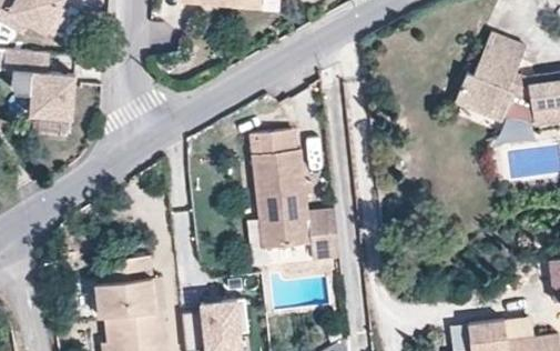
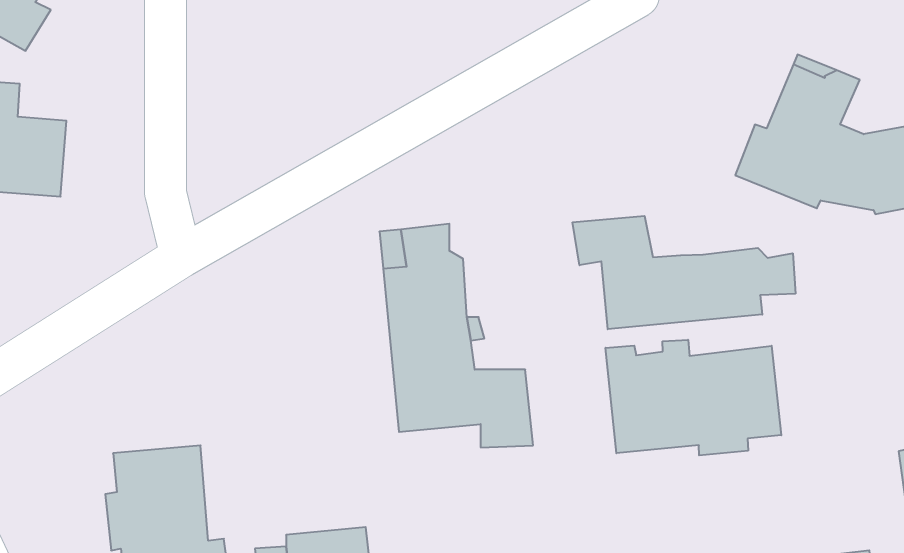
building: none -> [573,216,795,329]
building: none -> [606,340,781,455]

